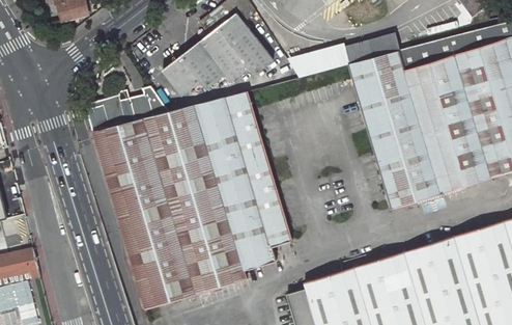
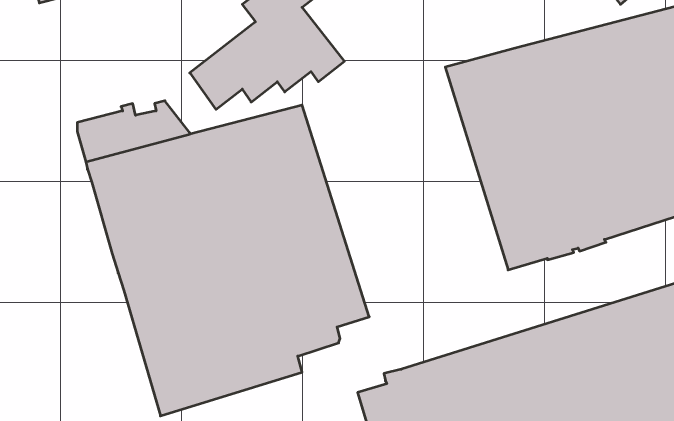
building: [290,31,398,75] -> none

